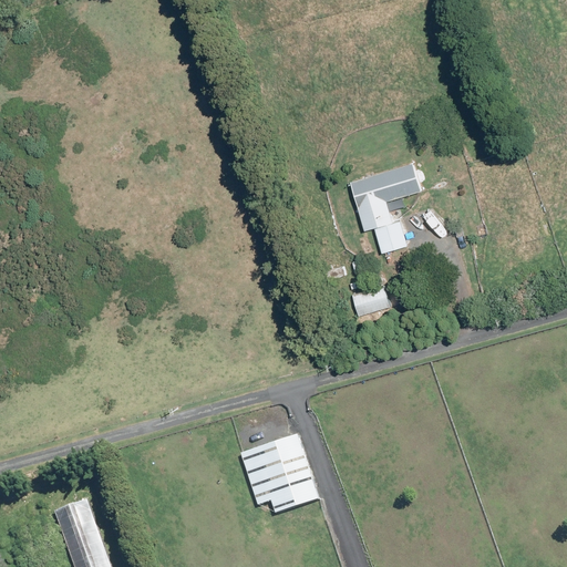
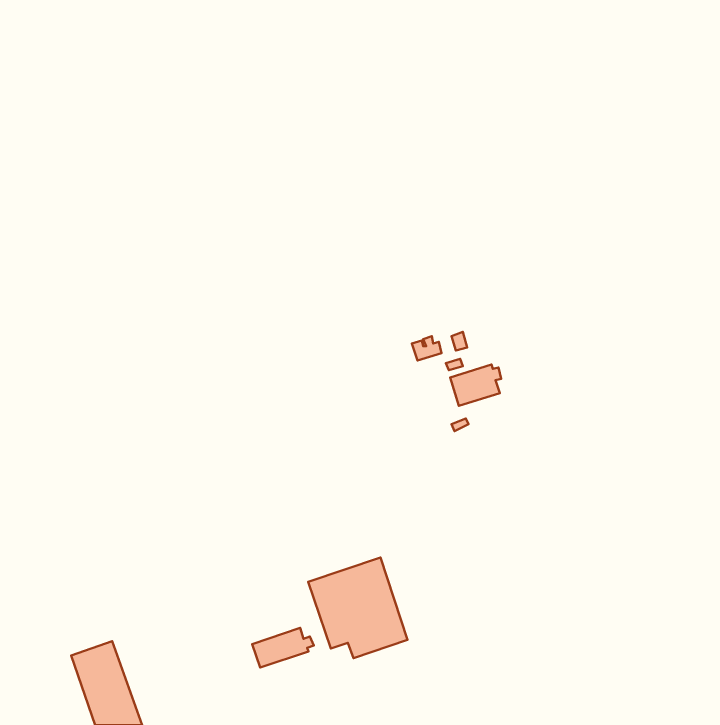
building: [350,164,422,255] -> none
building: none -> [252,628,314,668]

